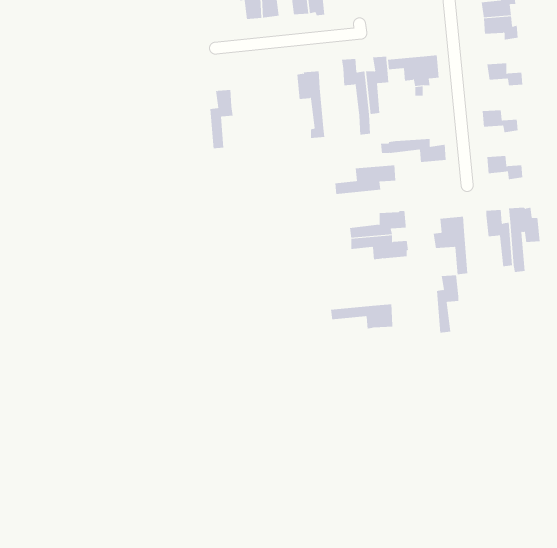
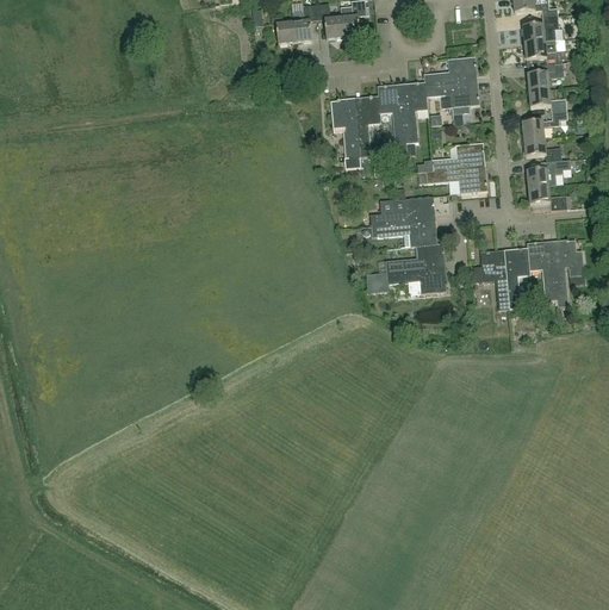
building: none -> [423,56,476,86]
building: none -> [527,63,563,91]
building: none -> [522,112,567,139]
building: [209,89,233,149] -> [355,95,380,157]
building: none -> [431,143,484,170]
building: none -> [526,160,570,187]
building: [436,275,459,333] -> [505,248,529,309]
building: [330,304,393,329] -> [371,220,436,247]

